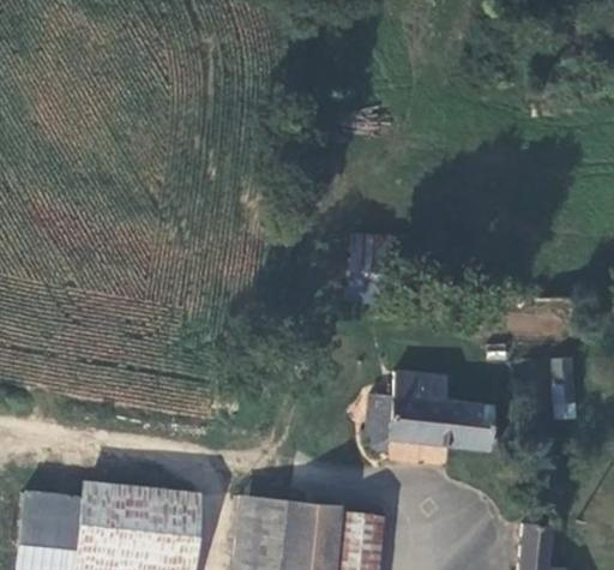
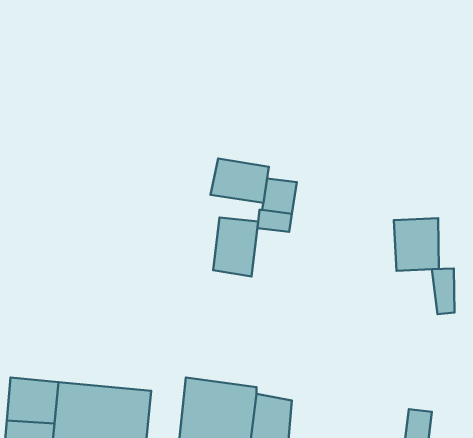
building: none -> [211,159,269,203]
building: none -> [213,218,258,277]
building: none -> [394,218,439,271]
building: [360,378,504,457] -> none

